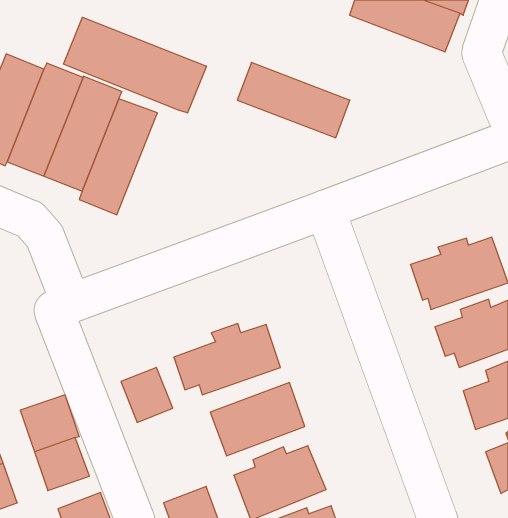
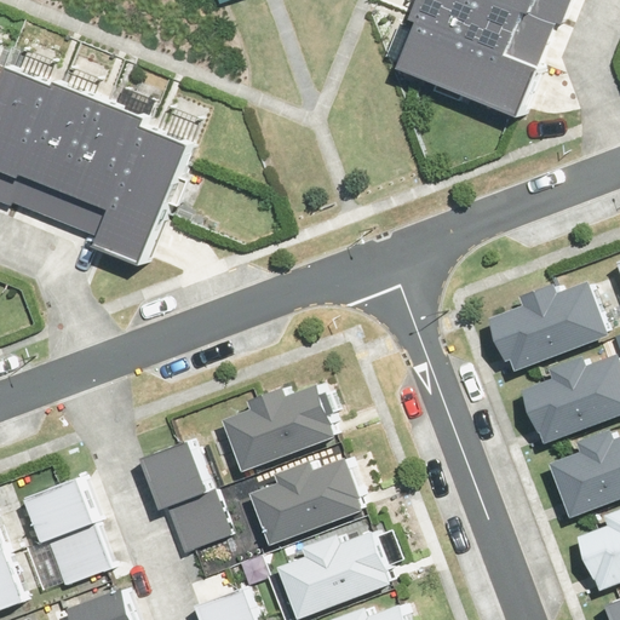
building: [63,17,206,113] -> none
building: [237,62,350,138] -> [400,21,534,110]
building: none -> [163,488,224,552]

